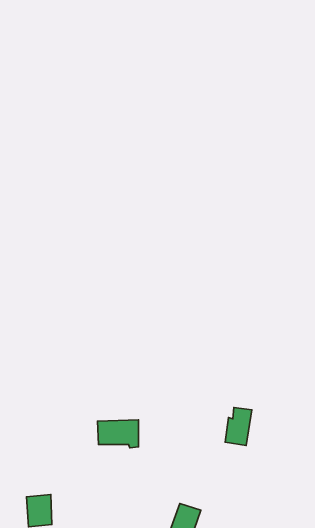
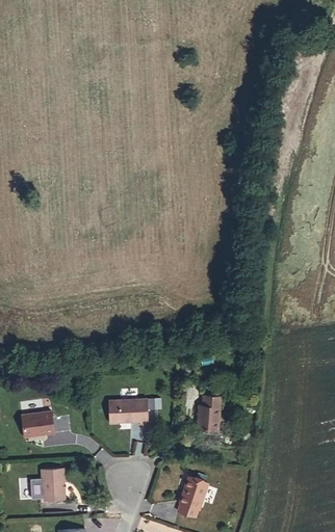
building: [225,408,252,445] -> [197,399,222,434]
building: none -> [23,411,54,436]

